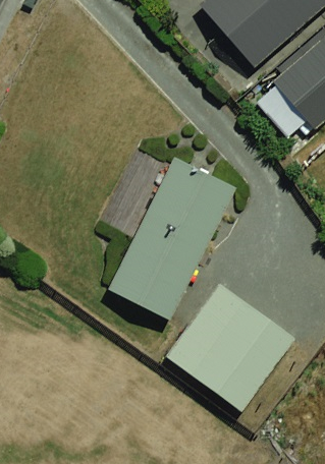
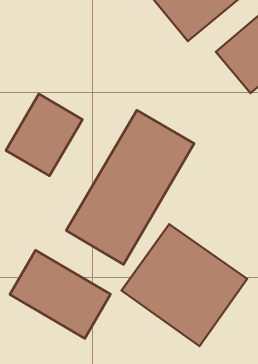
building: none -> [6,94,83,176]
building: none -> [10,250,111,339]

